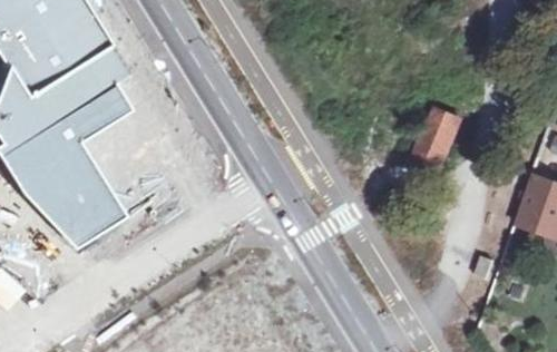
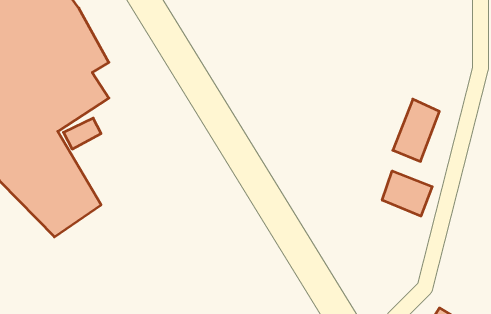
building: none -> [382,171,432,216]

